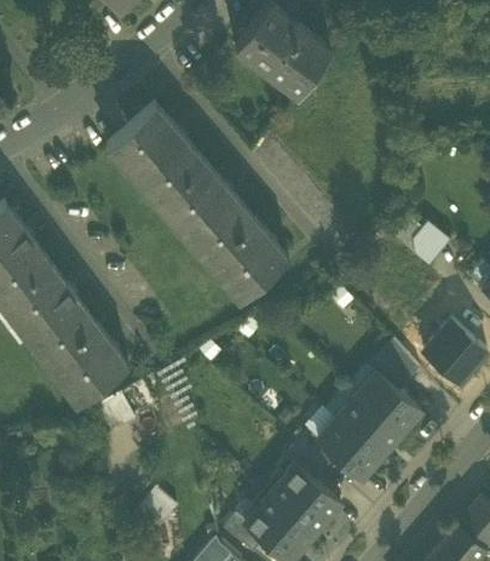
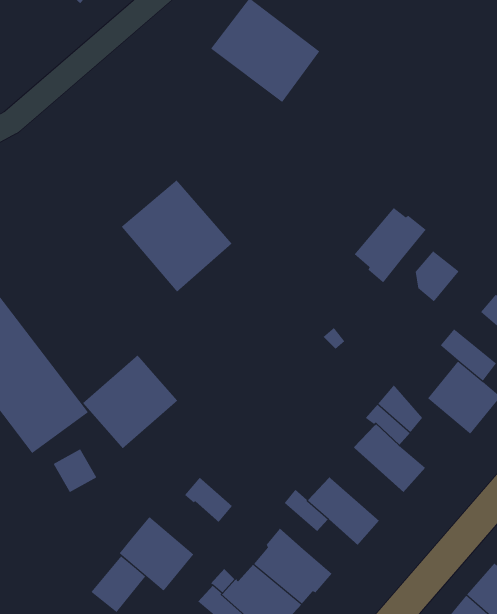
building: [106,108,204,206] -> none
building: none -> [354,207,426,283]
building: [204,221,288,303] -> [82,354,178,449]
building: [334,396,402,462] -> none
building: [284,446,327,486] -> [184,477,233,523]
building: none -> [119,516,194,591]

